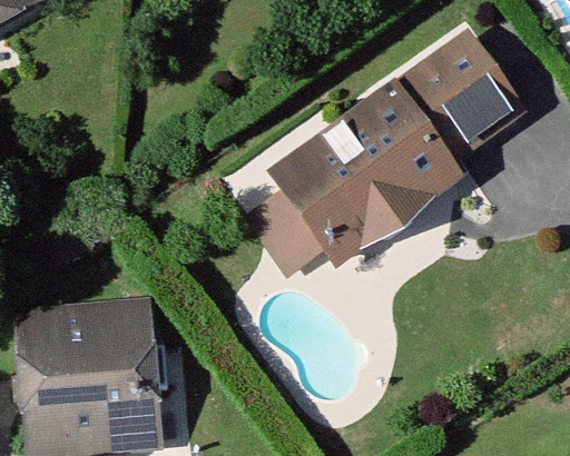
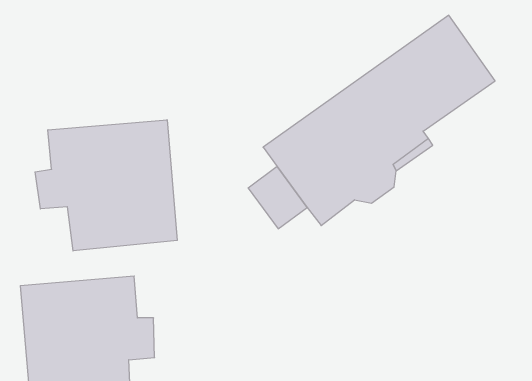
building: none -> [35,120,177,251]

